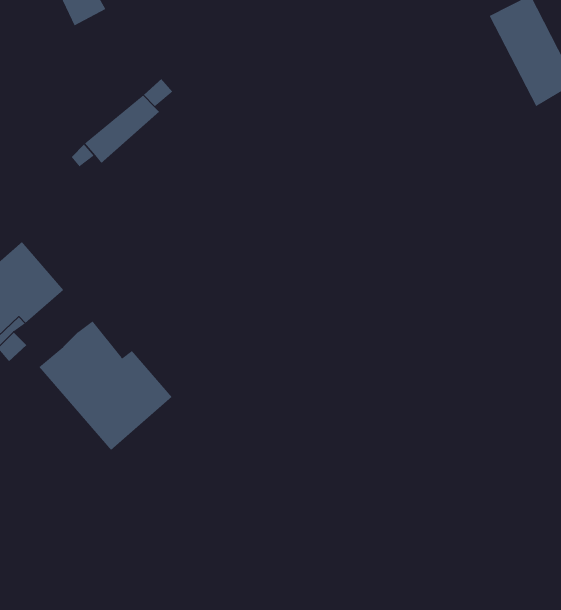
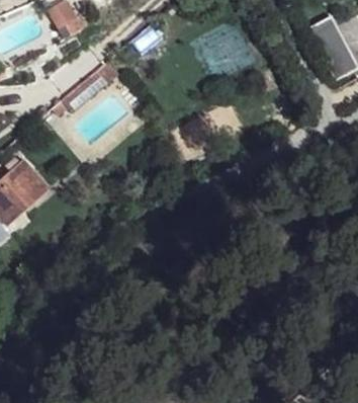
building: [39,320,172,451] -> none

